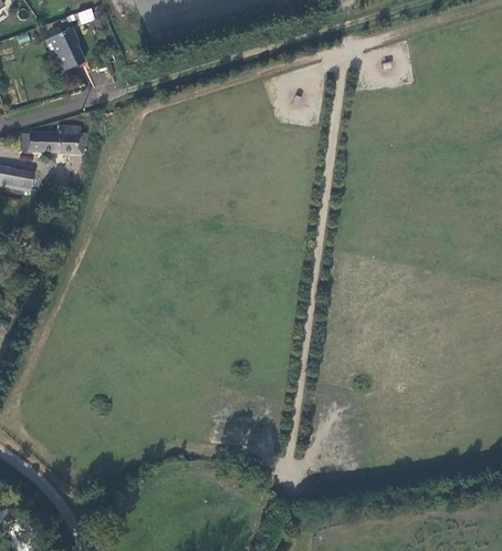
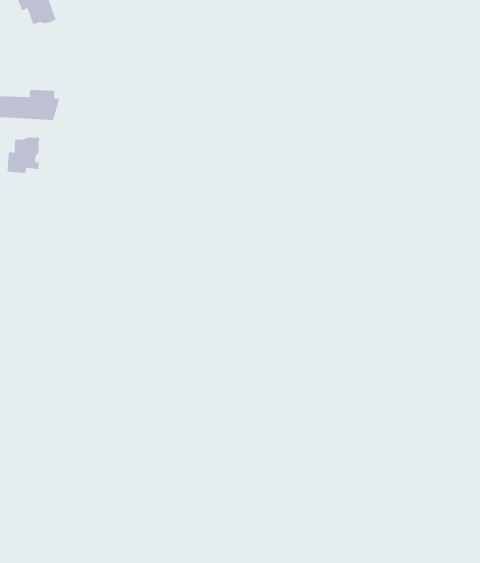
building: none -> [7,137,39,174]

